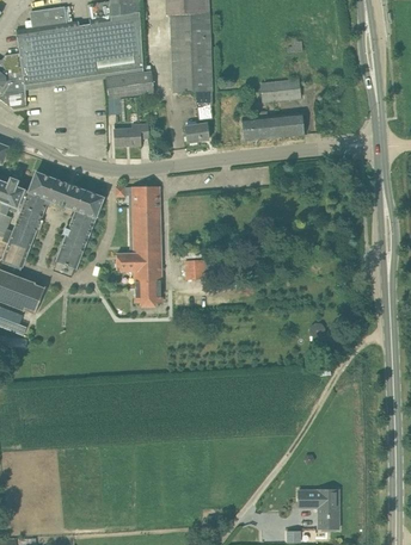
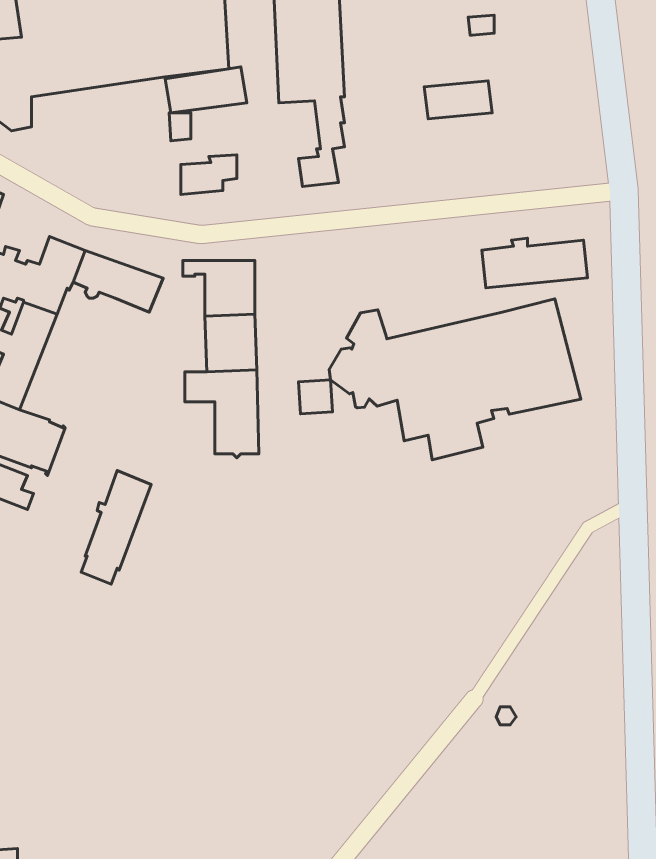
building: [241,111,305,141] -> [482,238,587,288]
building: [54,209,96,277] -> [81,471,151,584]
building: none -> [329,299,581,460]
building: [299,489,339,528] -> none

